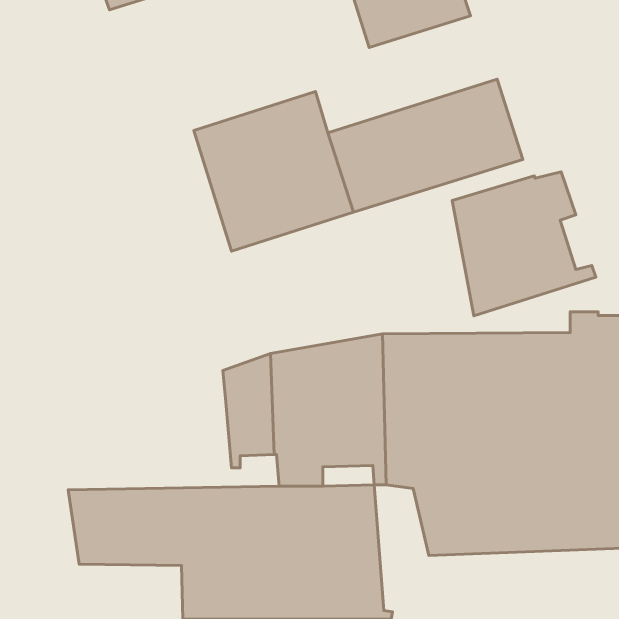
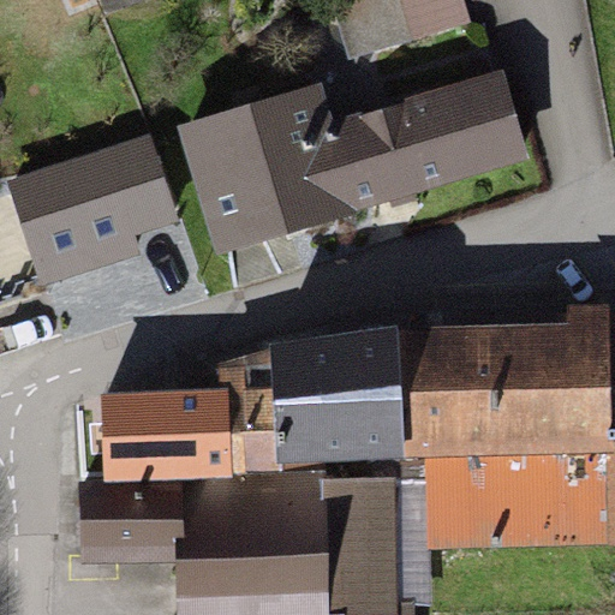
building: none -> [12,136,172,276]
building: [452,172,596,316] -> none
building: none -> [107,393,232,465]

